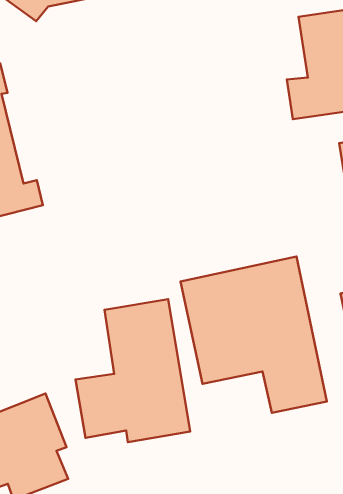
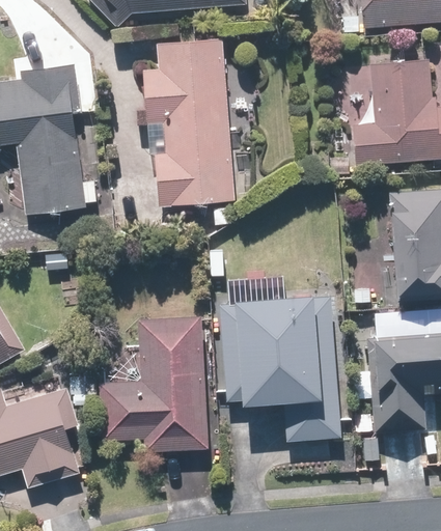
building: none -> [142,37,235,207]

